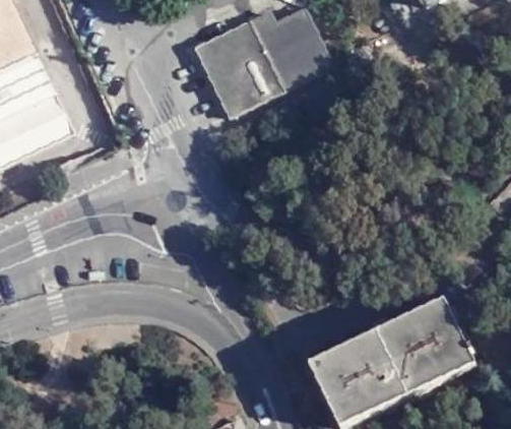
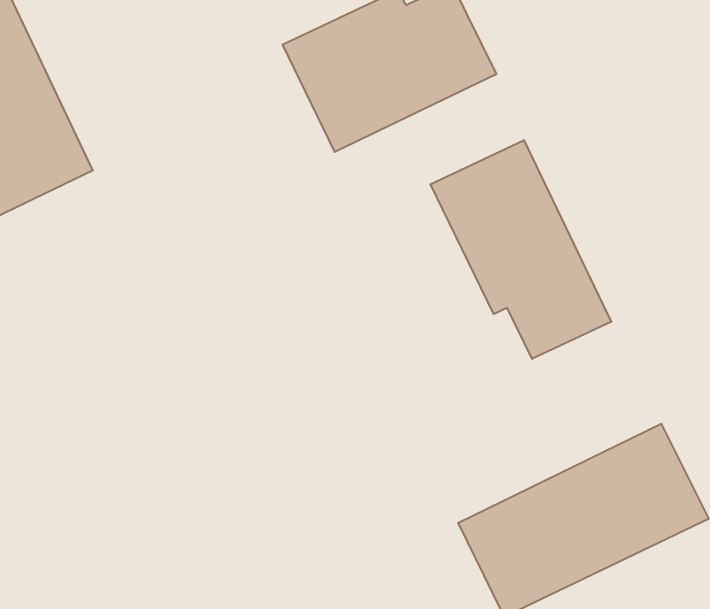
building: none -> [430,140,611,359]

